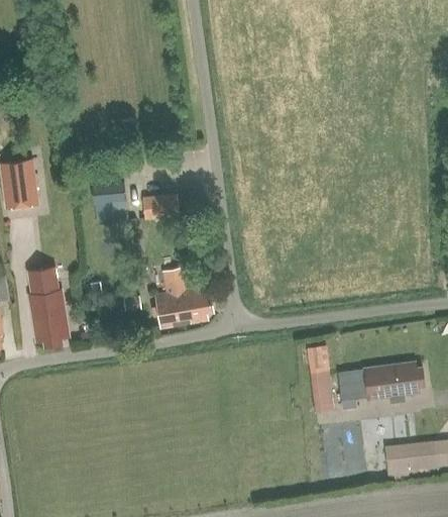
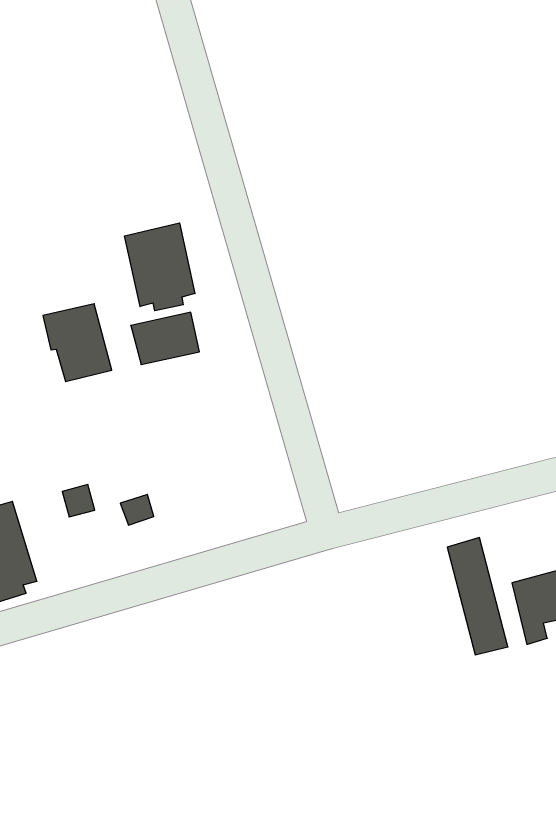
building: none -> [125,223,195,311]
building: [155,268,214,327] -> none

